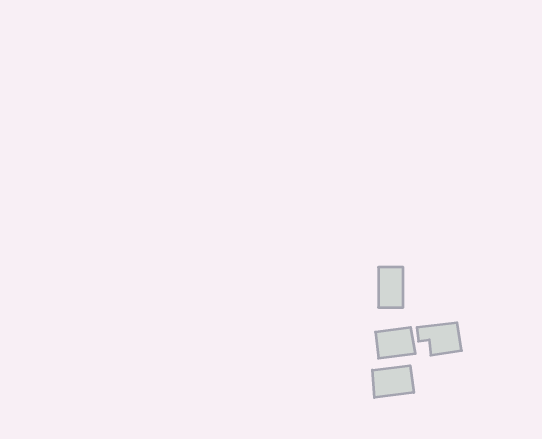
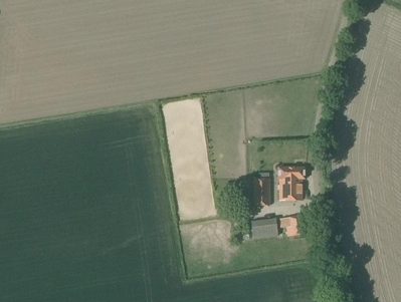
building: none -> [279,167,307,200]
building: [372,366,414,398] -> none

